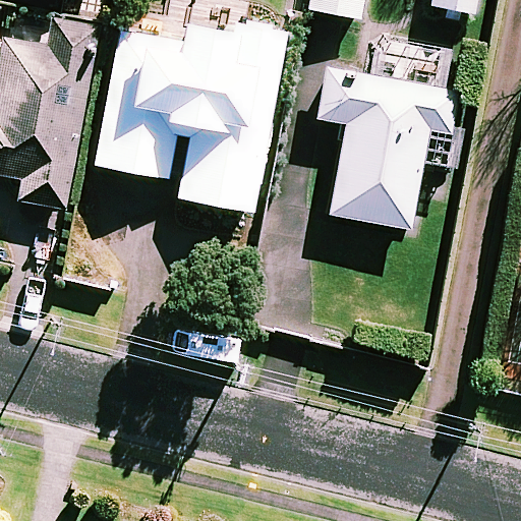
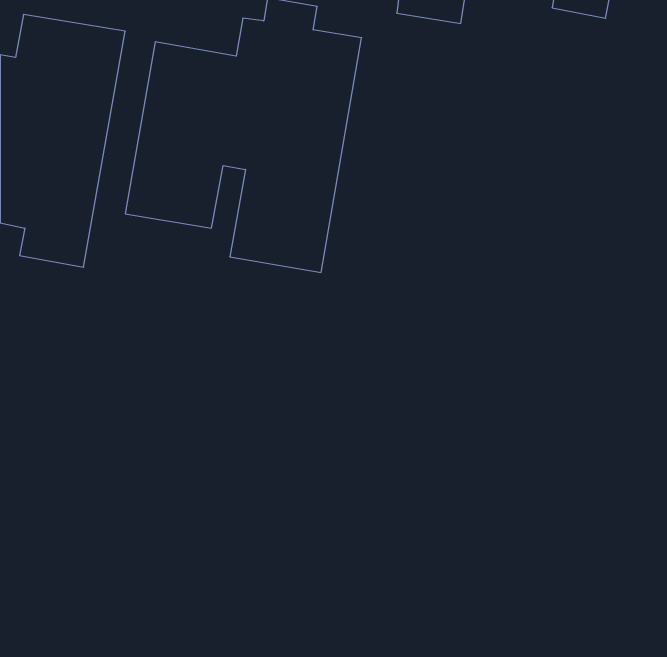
building: [317,41,460,229] -> none

